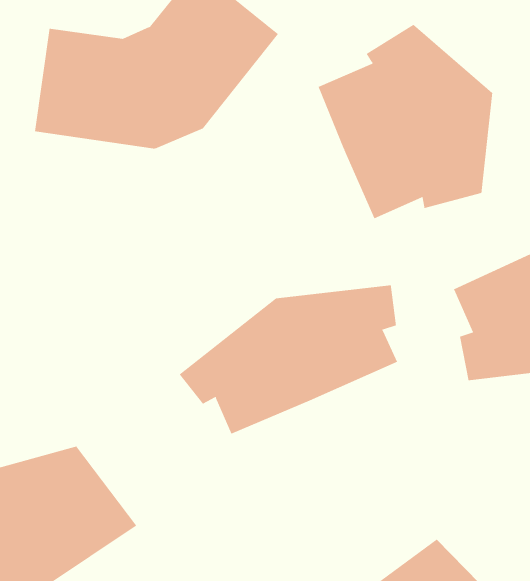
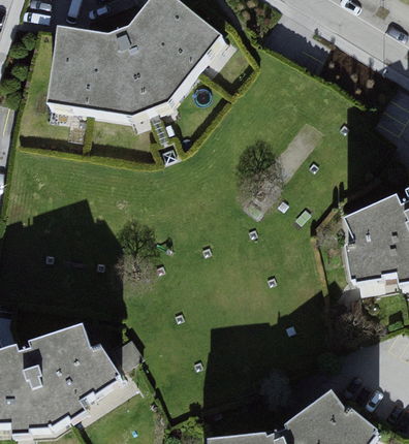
building: [318,24,493,219] -> none
building: [179,285,398,434] -> none

